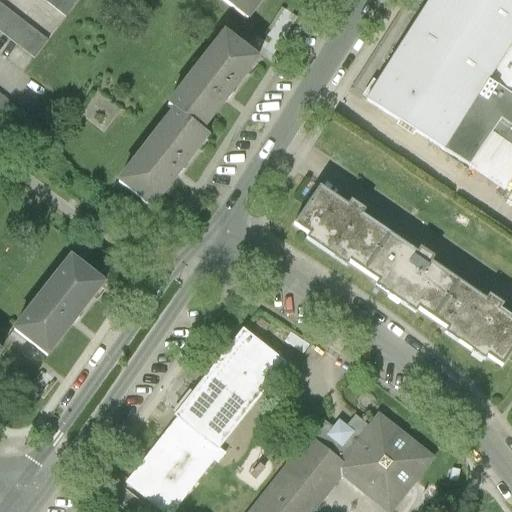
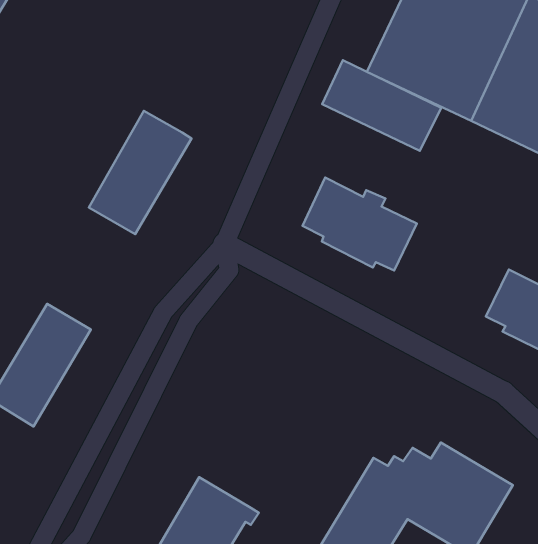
building: [169,29,261,129] -> none
building: none -> [322,60,441,151]
building: [362,230,456,314] -> none
building: [176,326,285,444] -> none

